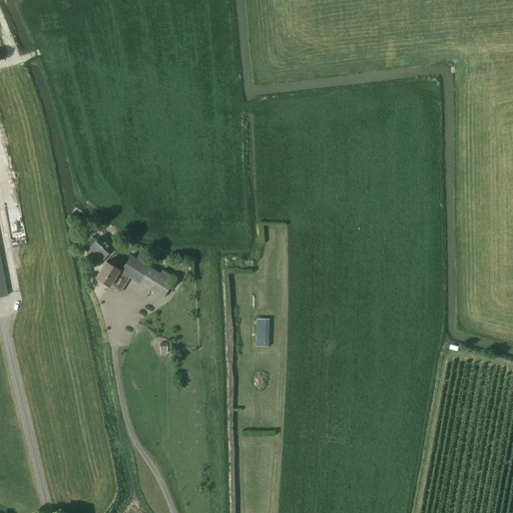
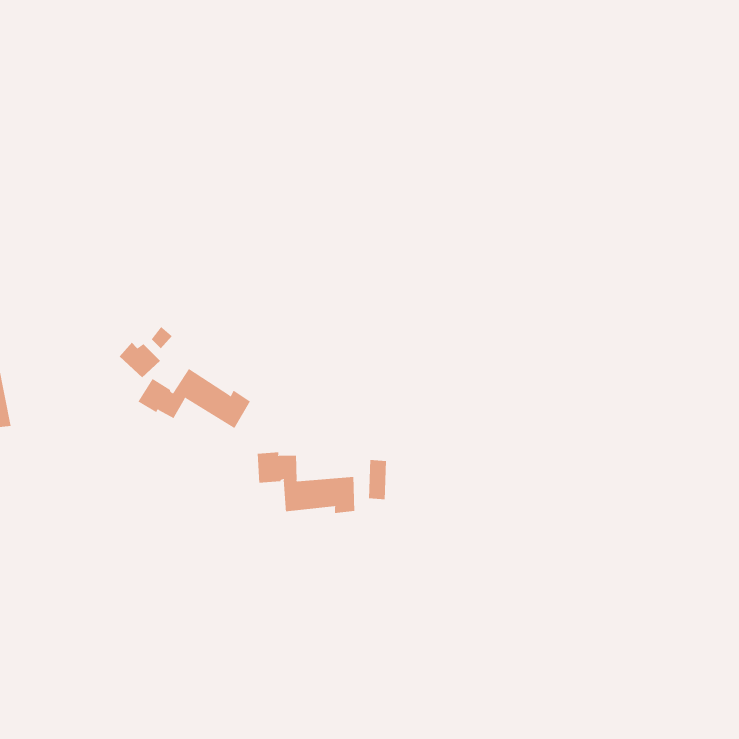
building: none -> [257,452,355,514]

